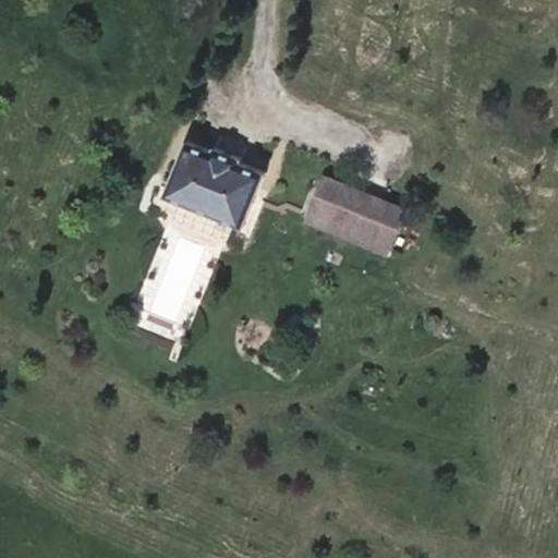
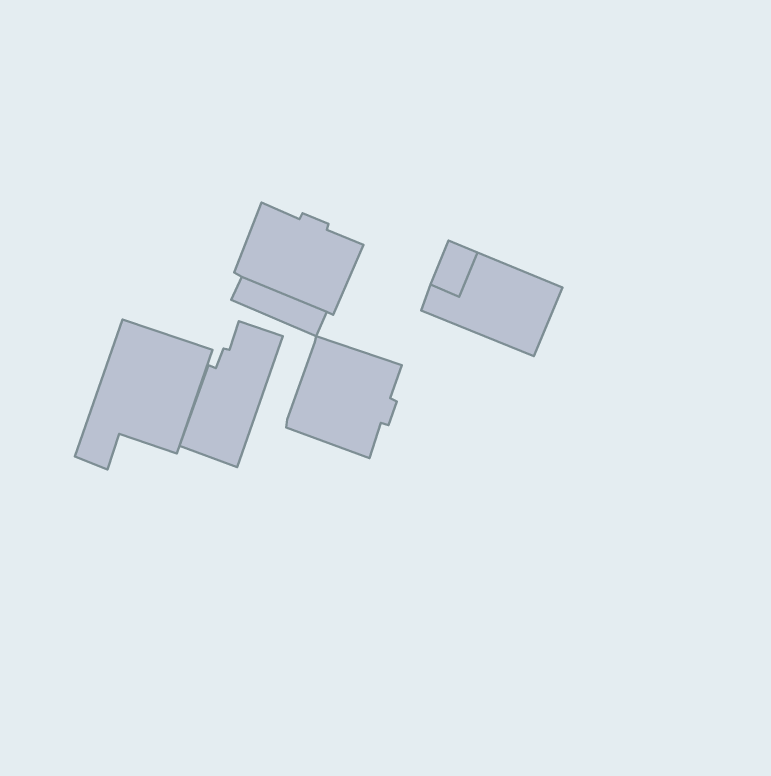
building: none -> [75,320,212,470]
building: none -> [286,336,402,458]

